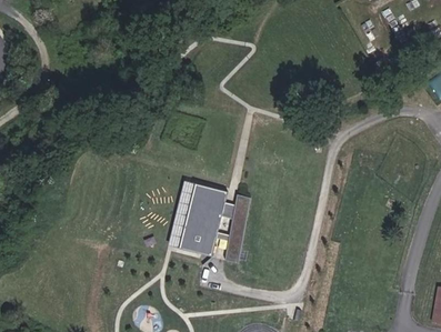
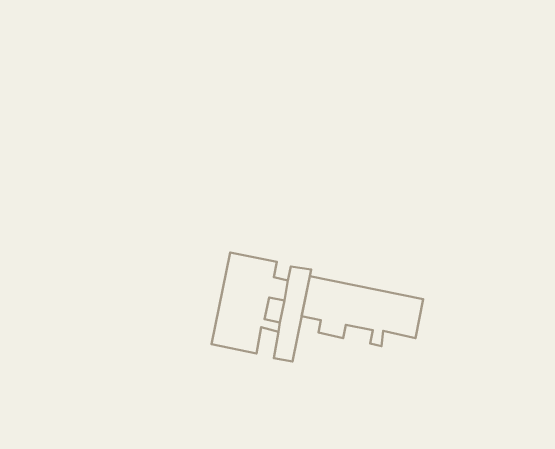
building: none -> [302,276,423,346]

